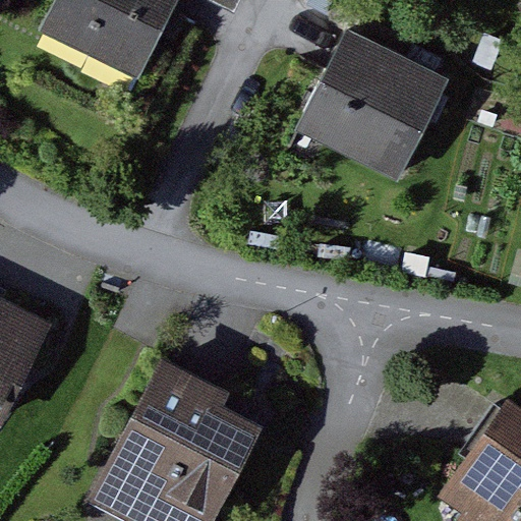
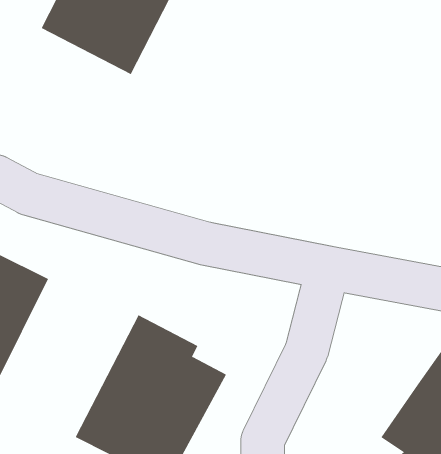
building: [303,35,457,187] -> none

